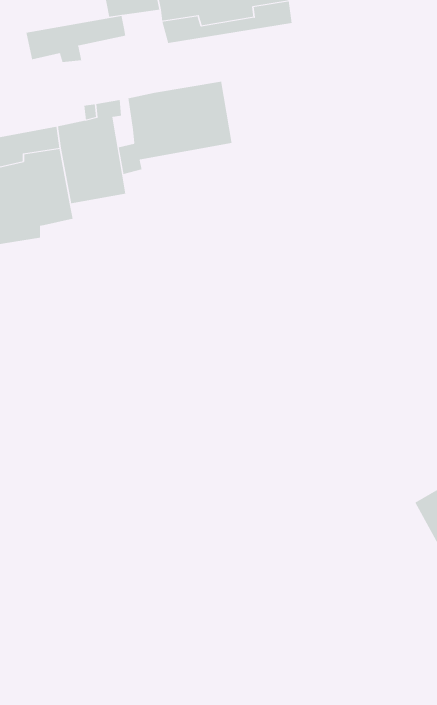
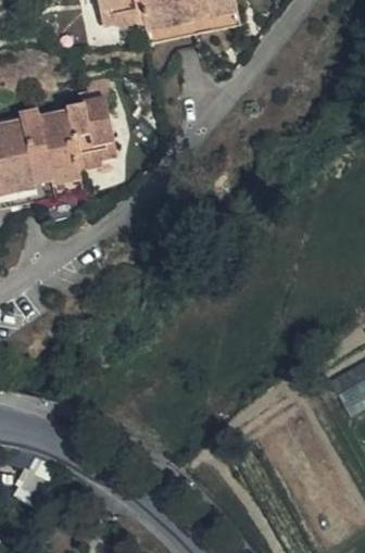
building: [26,15,126,63] -> none
building: [118,81,232,175] -> none

